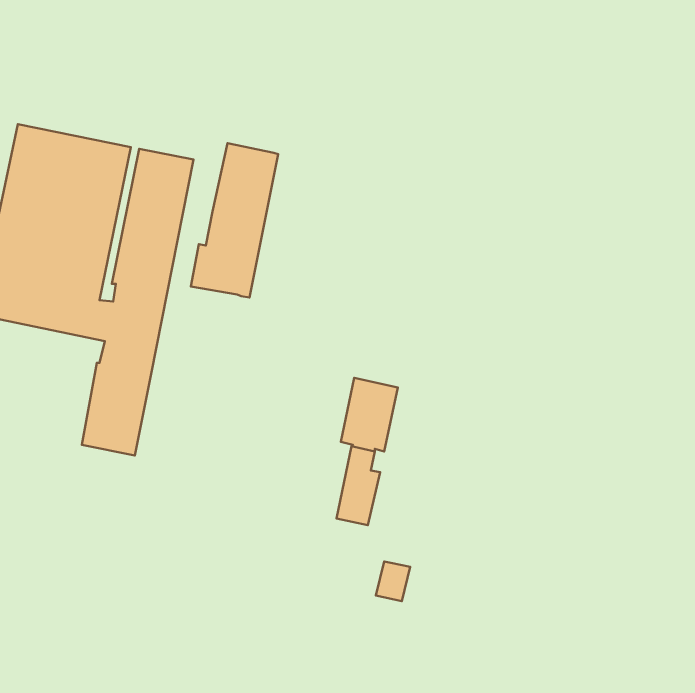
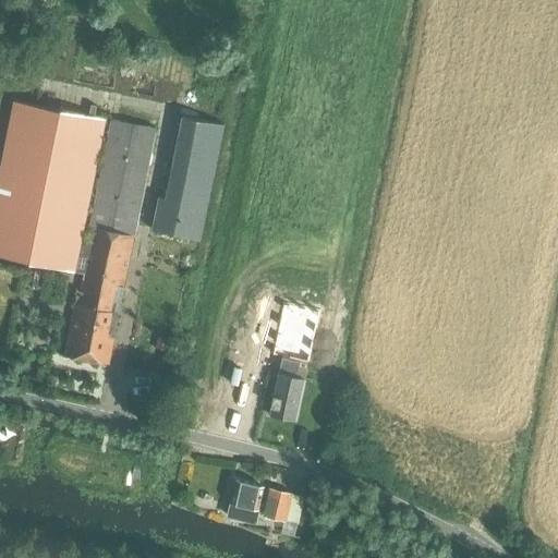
building: [376,562,410,601] -> [263,490,290,522]
building: none -> [228,483,263,524]

